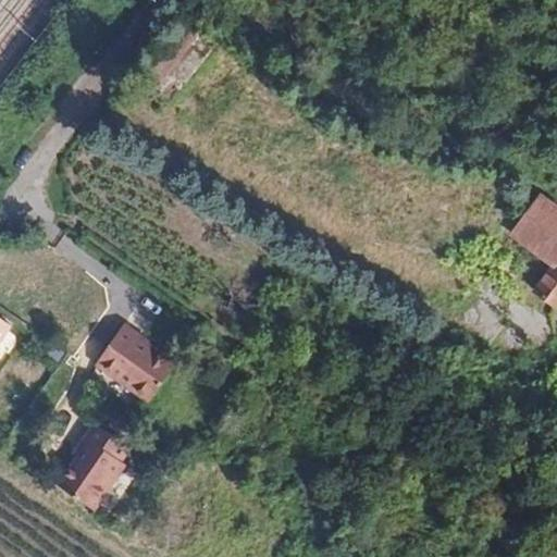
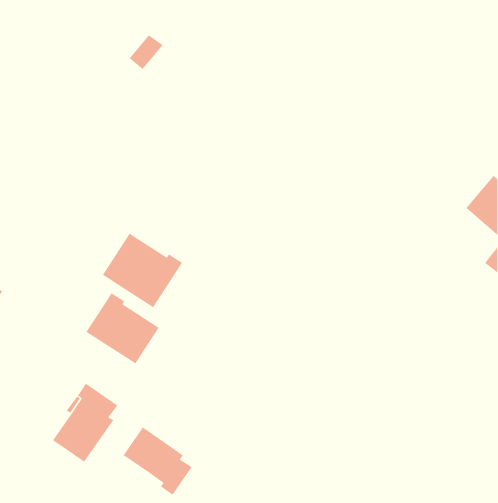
building: none -> [102,233,183,308]
building: none -> [123,427,193,496]

